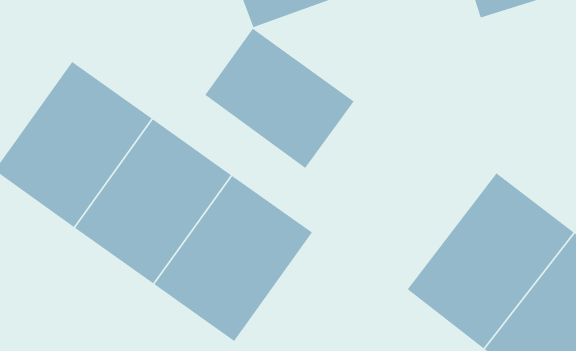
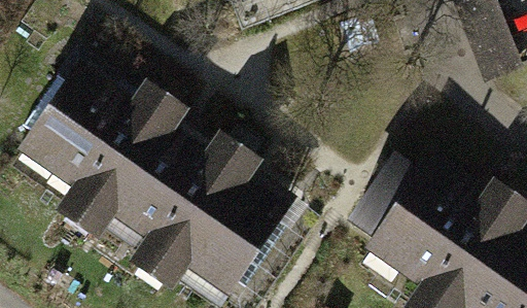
building: [204,28,355,169] -> none

